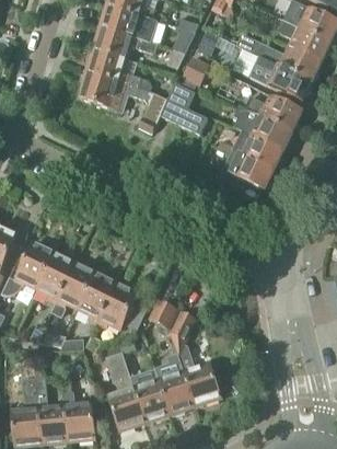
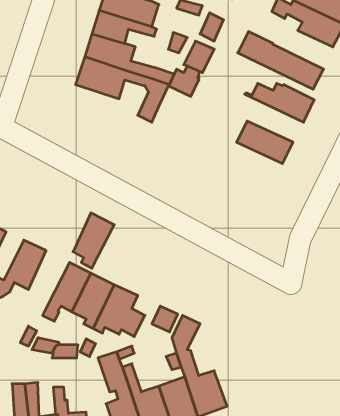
building: [235,33,319,82] -> none
building: [159,97,208,134] -> none
building: [232,105,292,150] -> none
building: [220,150,272,189] -> none
building: [36,251,74,302] -> [73,213,114,268]

